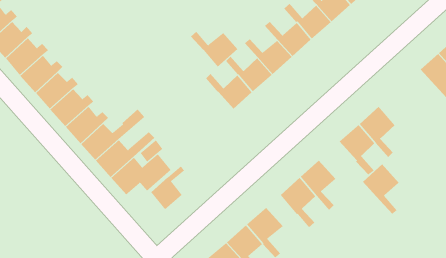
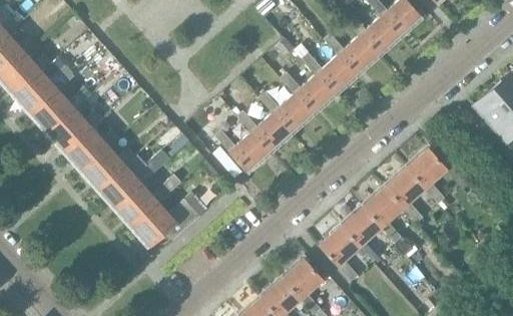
building: [190,31,238,67] -> [214,131,268,172]
building: [362,164,399,215] -> [362,187,403,243]
building: [150,165,185,210] -> none

